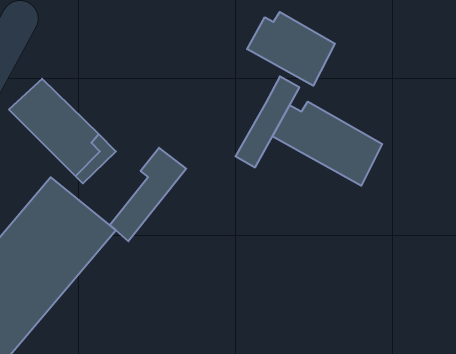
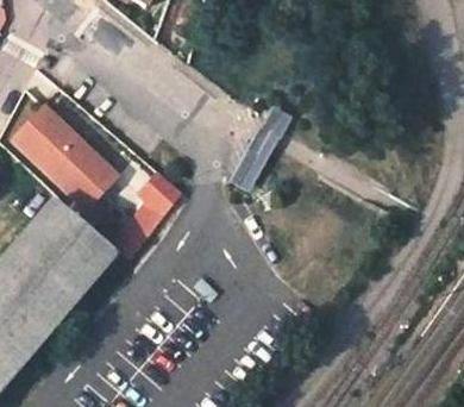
building: [247,12,335,86] -> none
building: [272,102,382,186] -> none

